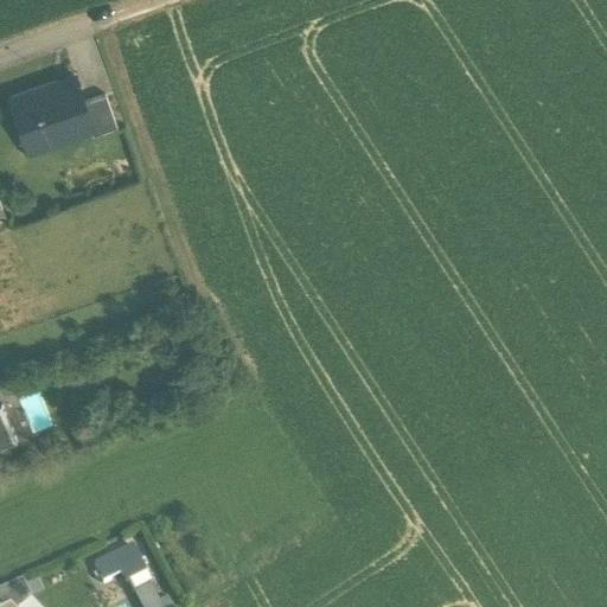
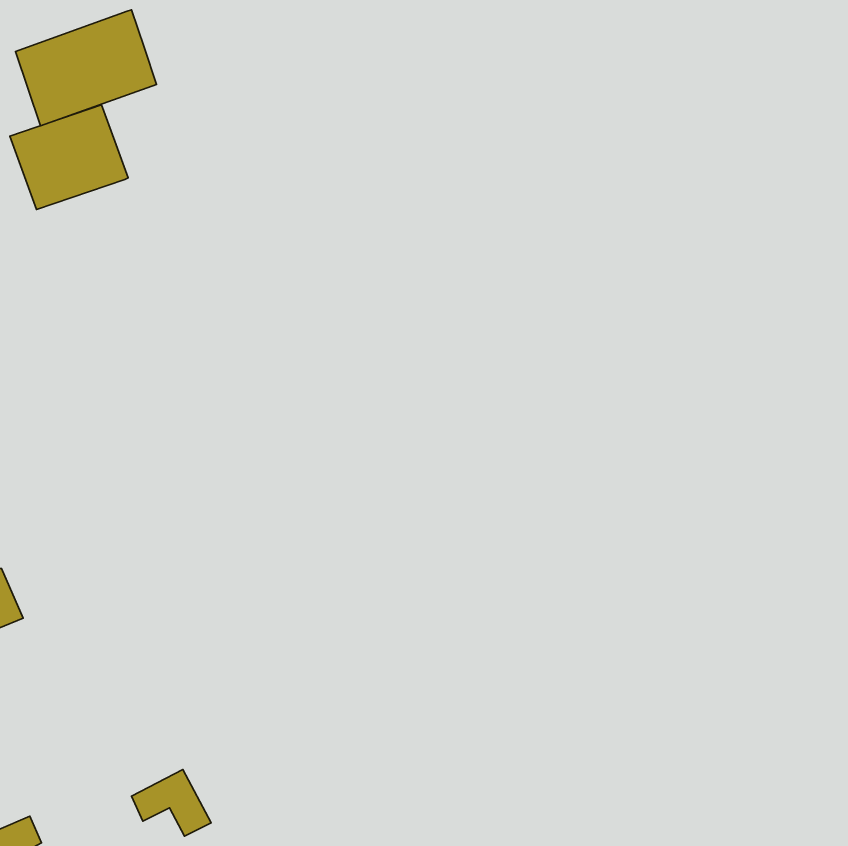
building: none -> [16,10,156,126]
building: [82,95,115,136] -> none

